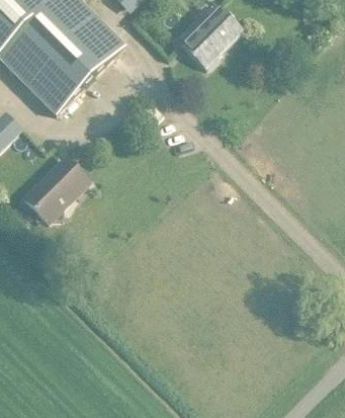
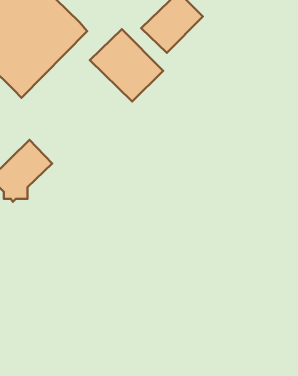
building: none -> [90,29,163,101]

